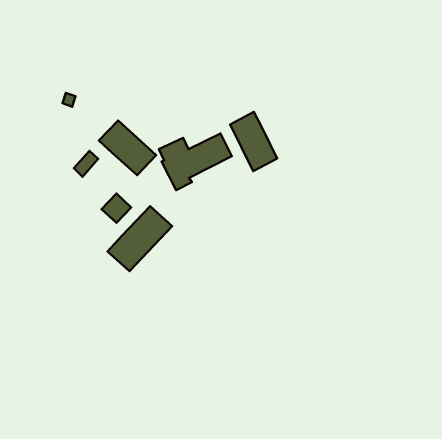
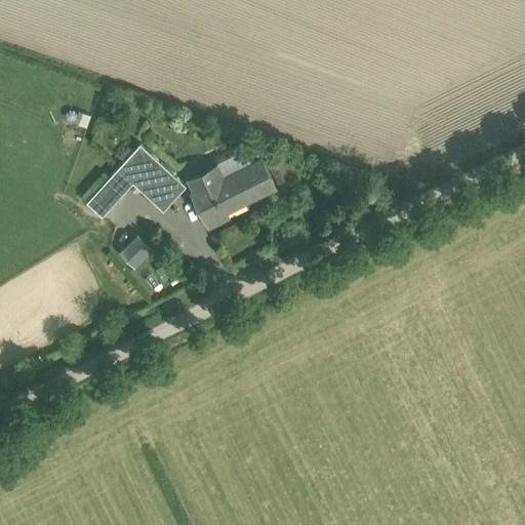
building: [230,112,277,171] -> none
building: [107,206,172,271] -> none

